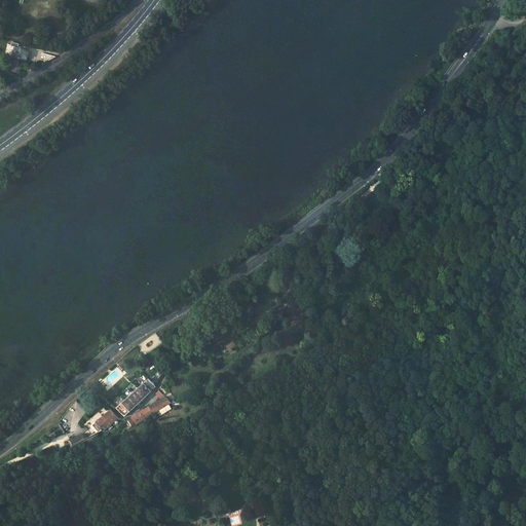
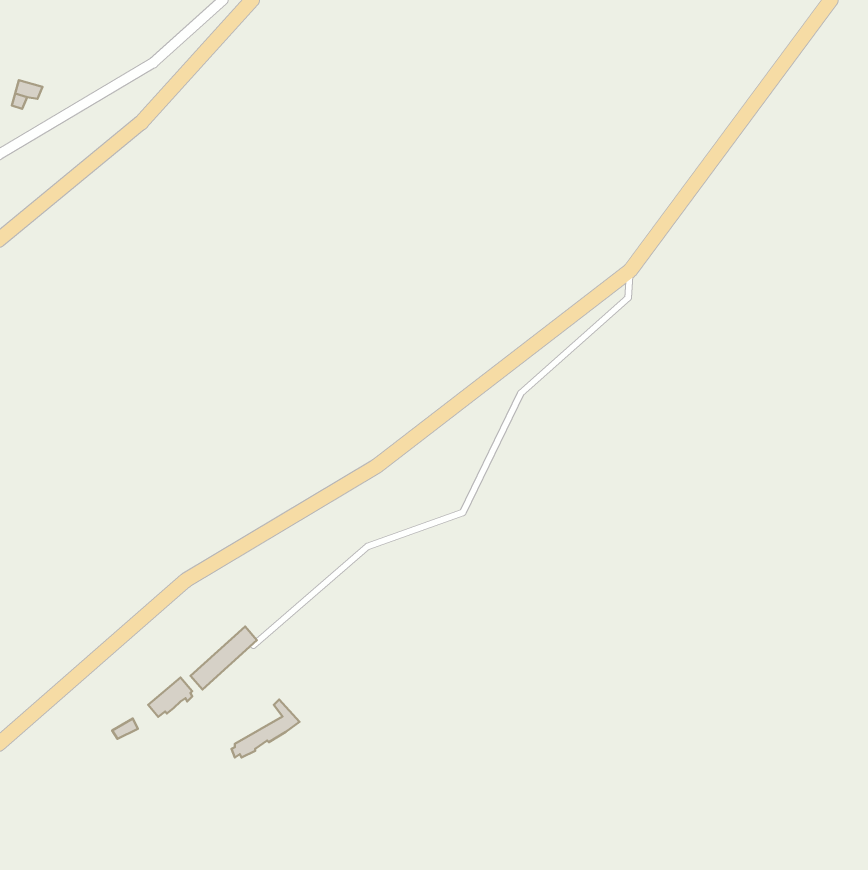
building: [128,389,170,424] -> [231,700,300,757]

